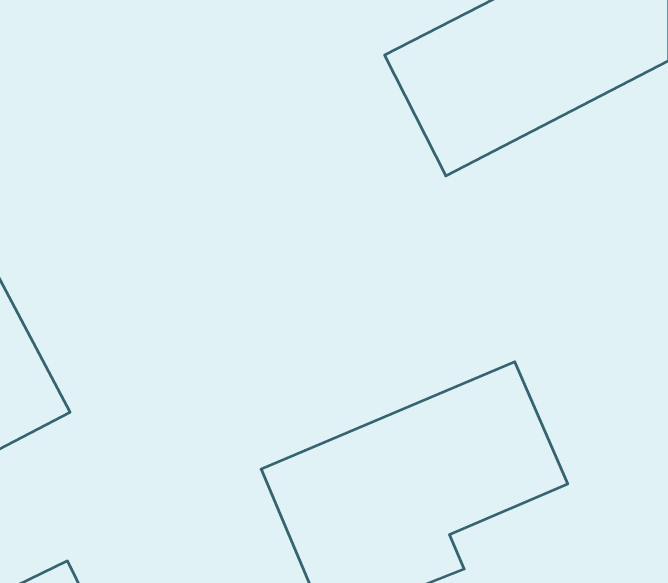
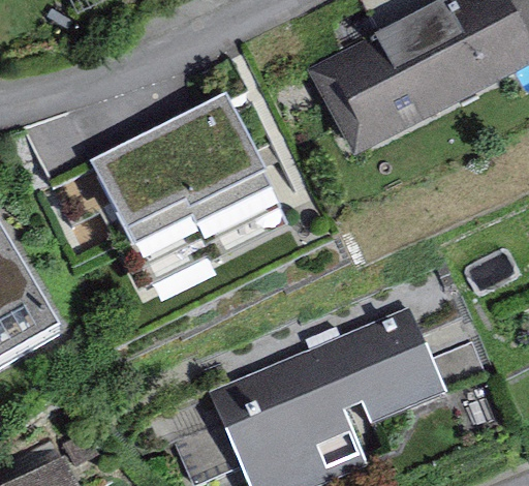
building: none -> [93,101,279,272]

